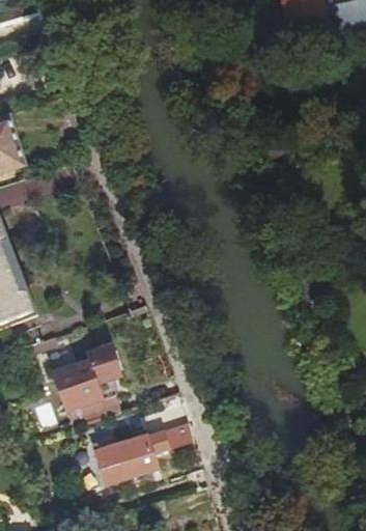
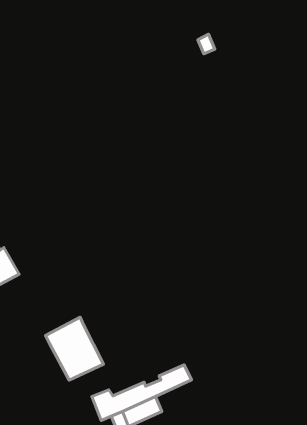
building: [53,338,126,379] -> none

